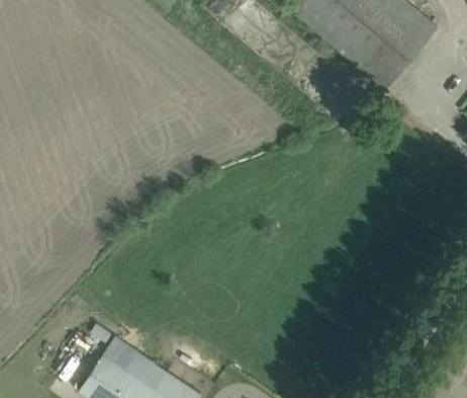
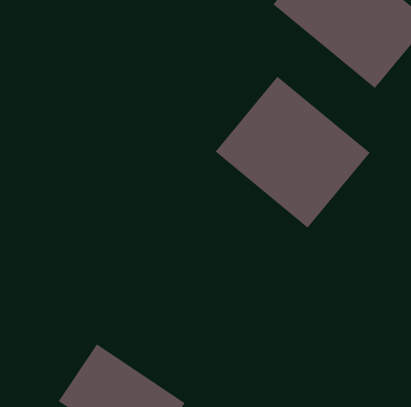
building: none -> [215,76,370,229]

